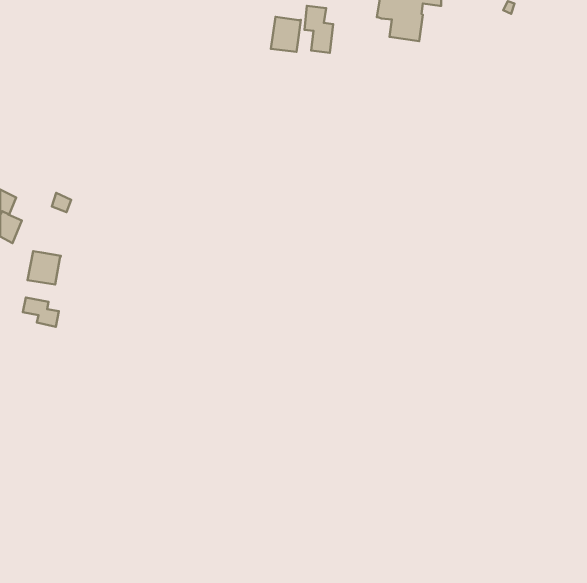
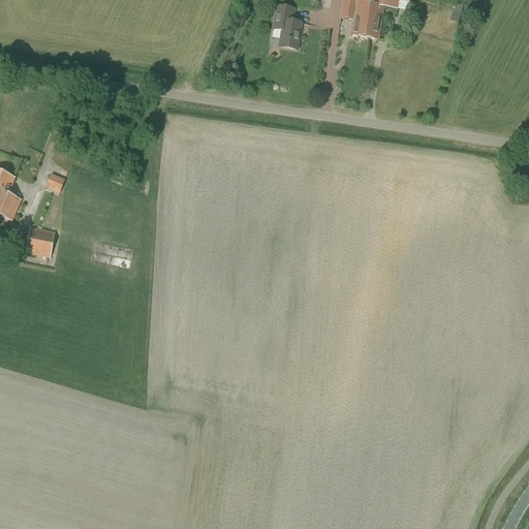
building: [271,17,301,52] -> none
building: [23,298,59,327] -> none

